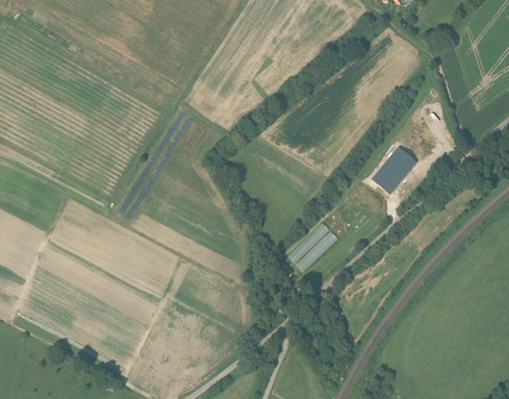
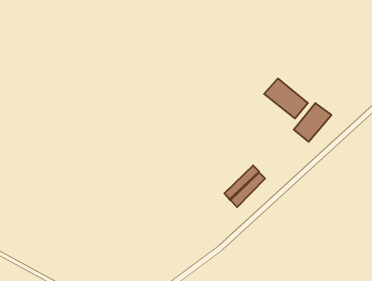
building: none -> [264,79,308,118]

